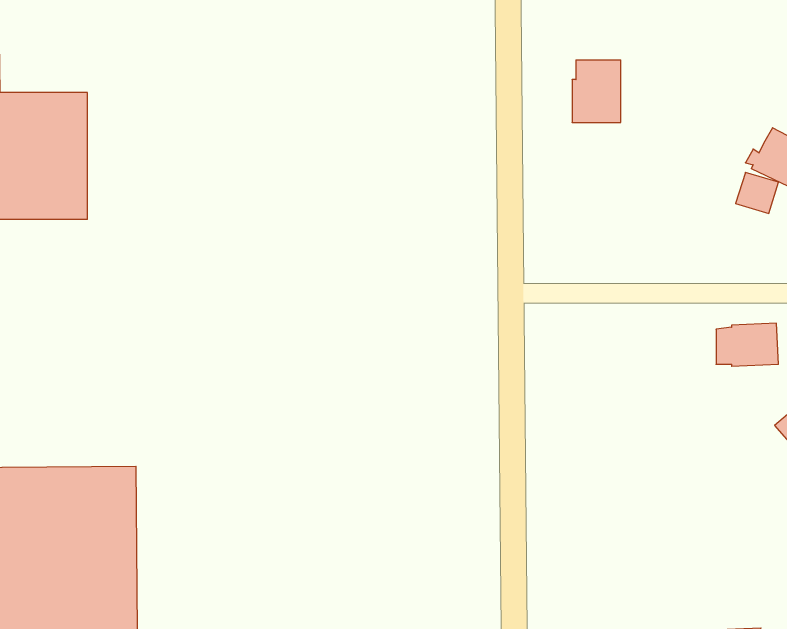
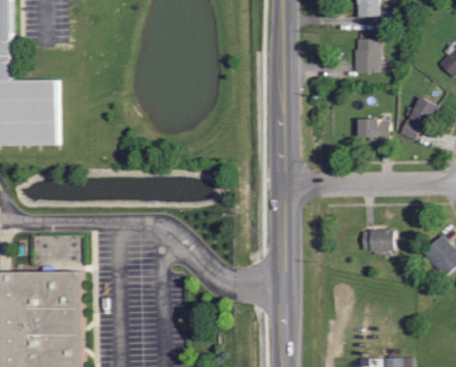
building: [572,60,621,122] -> [353,39,379,71]
building: none -> [357,118,388,141]
building: [716,323,778,366] -> [360,229,393,251]

